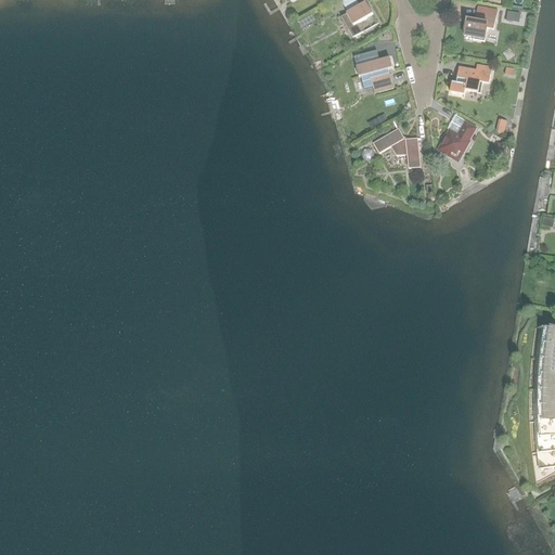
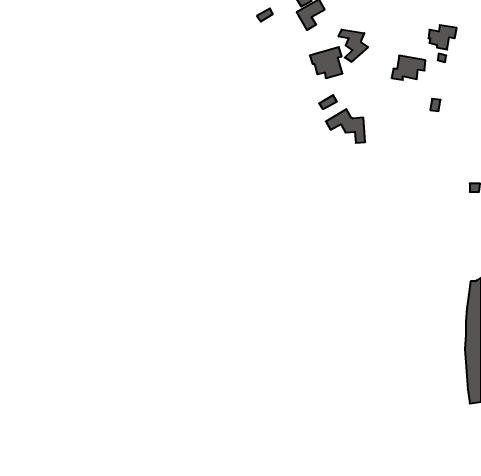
building: [464,11,496,39] -> [428,25,457,50]
building: none -> [339,29,368,62]
building: [439,118,477,158] -> none

